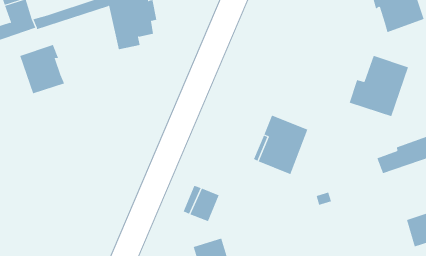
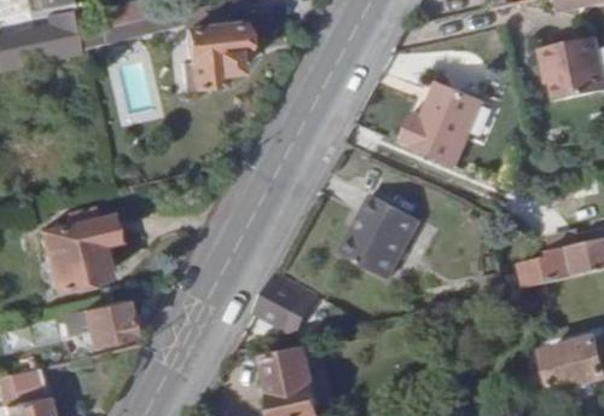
building: [19,44,65,94] -> none
building: [349,55,409,117] -> [408,86,493,171]
building: none -> [47,214,118,283]
building: none -> [65,300,132,342]

